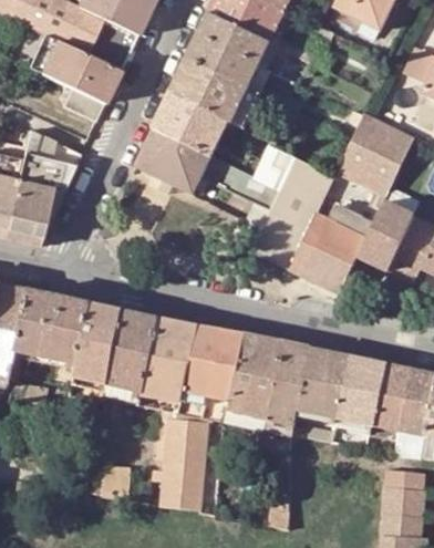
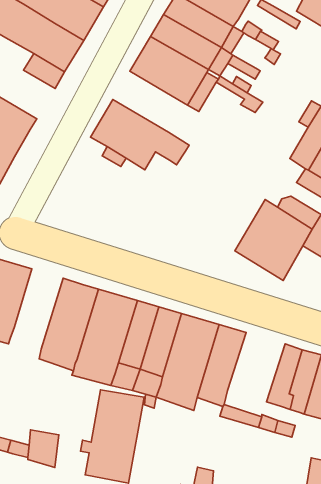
building: [154,95,227,153] -> none
building: [224,143,334,266] -> none
building: [73,302,121,382] -> none
building: [296,347,349,414] -> none

